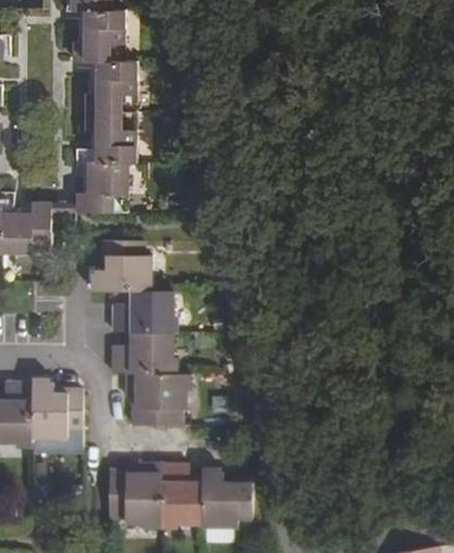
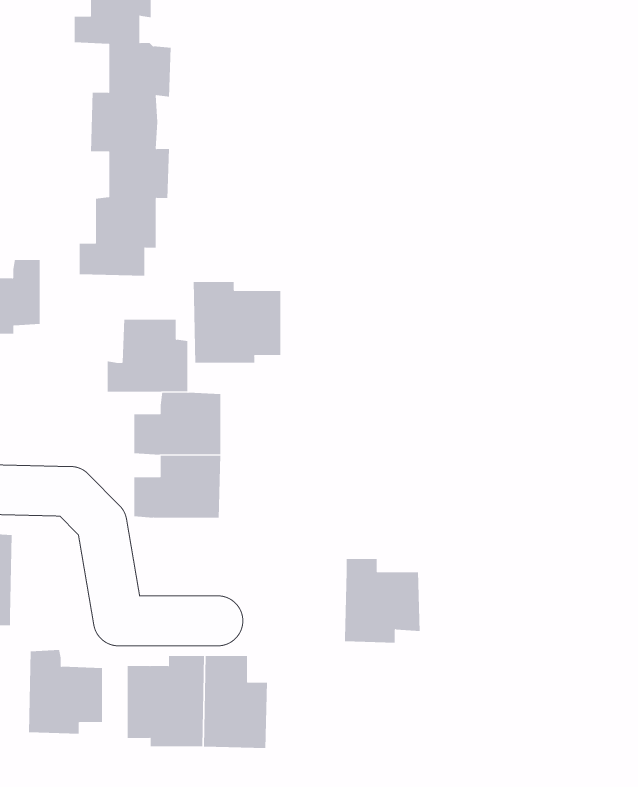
building: none -> [193,281,281,363]
building: [126,372,185,425] -> none
building: [32,382,81,438] -> [28,650,103,734]
building: [201,472,251,528] -> [344,559,420,643]

